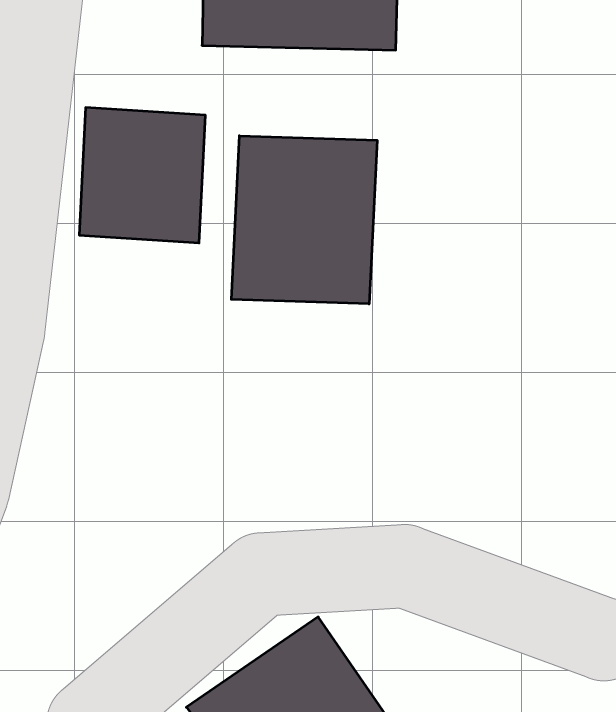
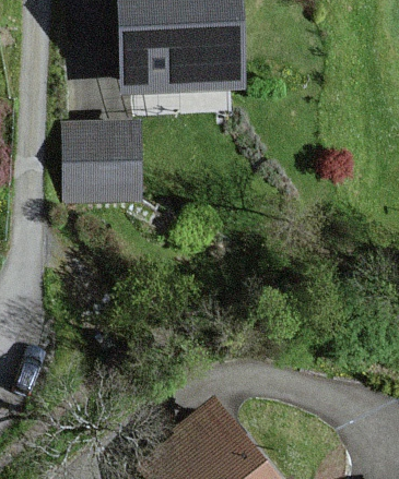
building: [231,136,377,304] -> none

